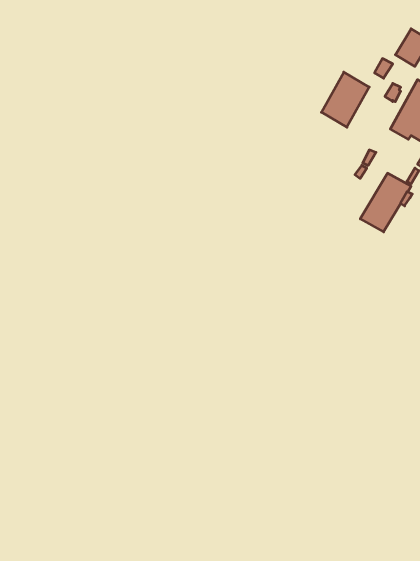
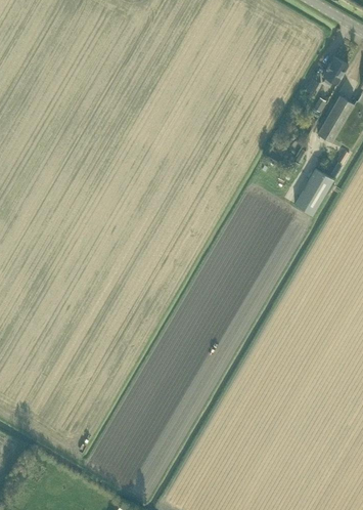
building: [321,72,369,127] -> none

